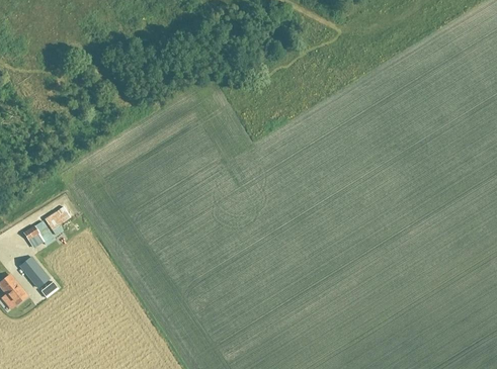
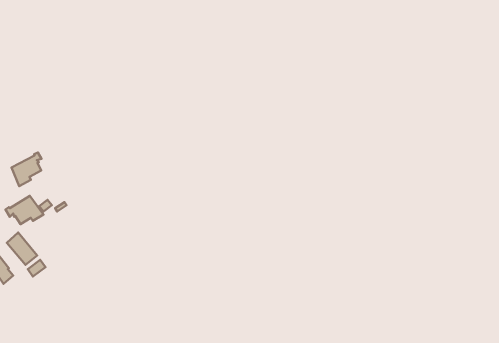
building: none -> [12,152,42,186]

